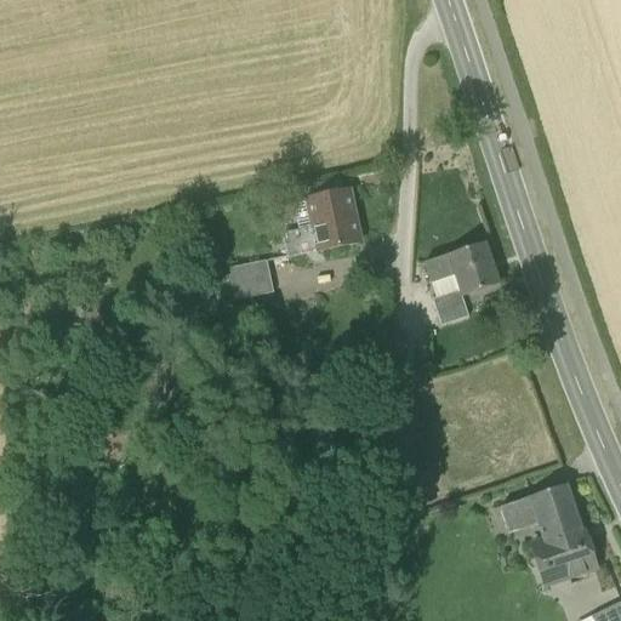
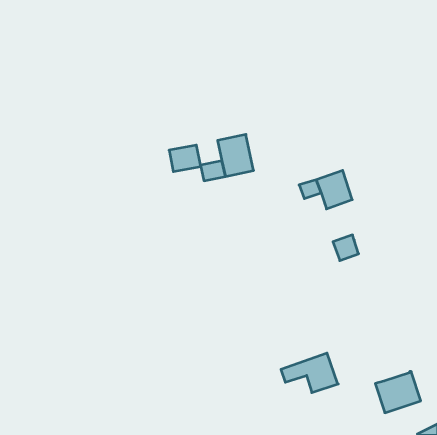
building: [229,258,274,296] -> [169,145,201,172]
building: [433,289,469,325] -> [333,235,359,261]
building: [501,484,582,540] -> [281,353,338,393]

